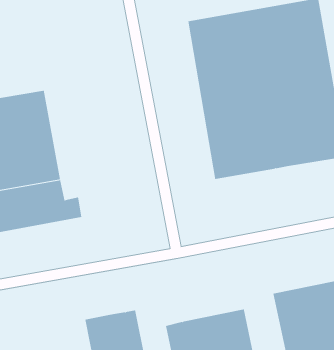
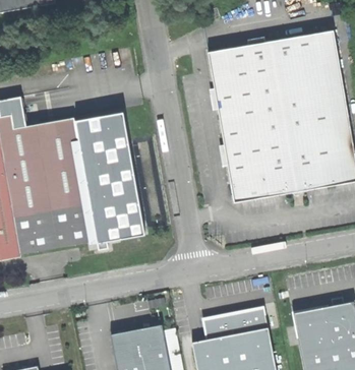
building: none -> [74,109,143,238]
building: none -> [200,305,263,336]

